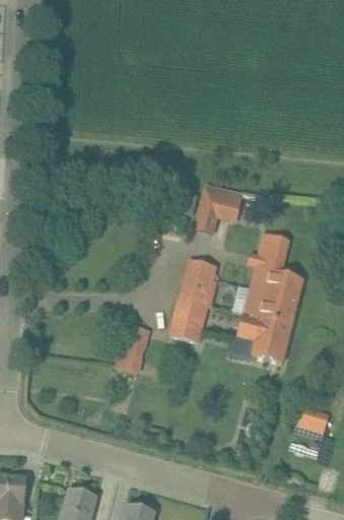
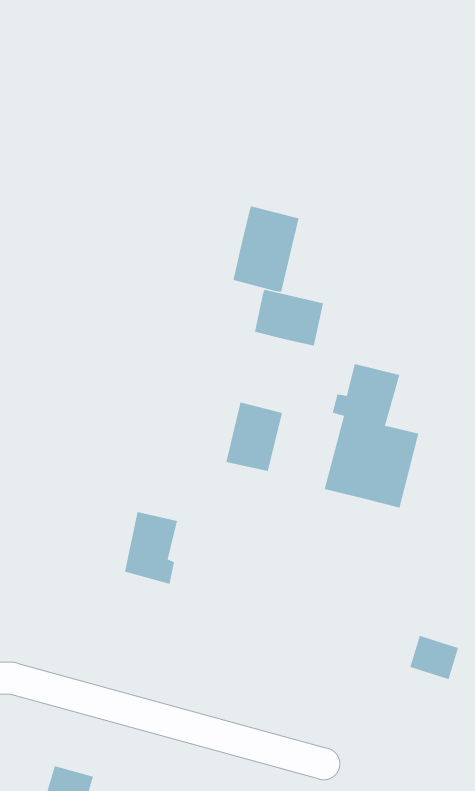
building: none -> [233,206,299,293]
building: [170,297,207,342] -> none
building: [237,314,291,363] -> none

